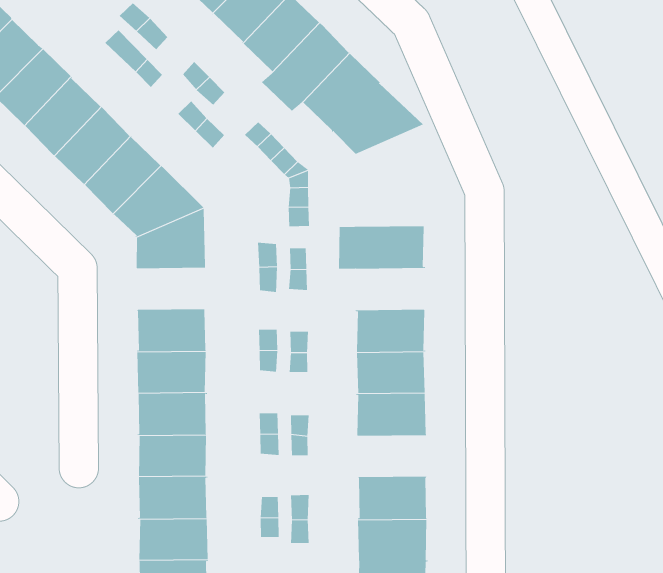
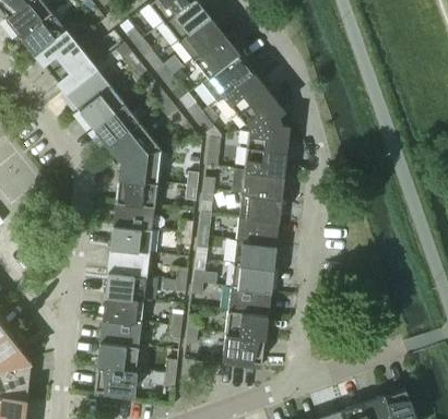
building: none -> [244,118,290,175]
building: none -> [116,179,157,206]
building: none -> [238,194,281,222]
building: none -> [228,288,270,315]

